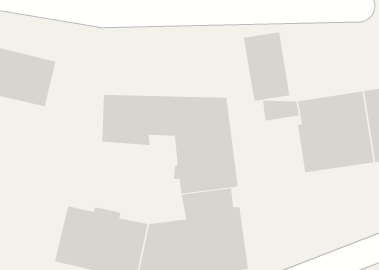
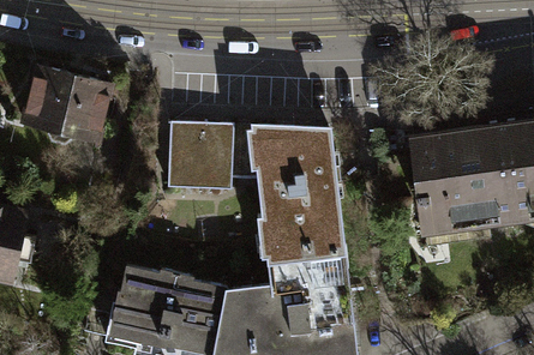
building: [243,32,290,101] -> none

